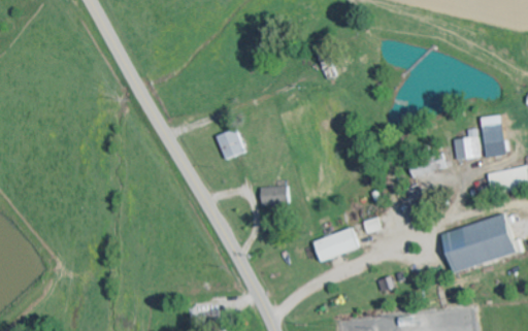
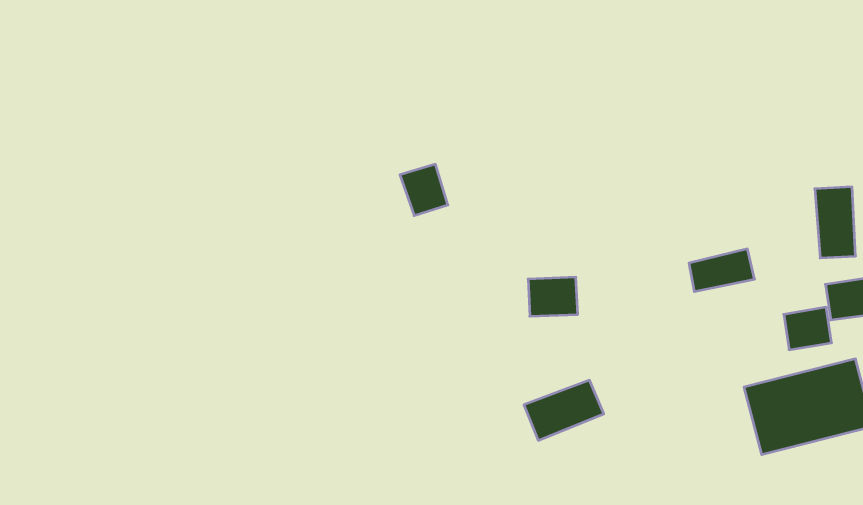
building: [216,129,243,159] -> [400,164,448,216]
building: [453,136,481,161] -> [784,307,832,350]
building: [259,184,288,206] -> [528,277,578,316]

